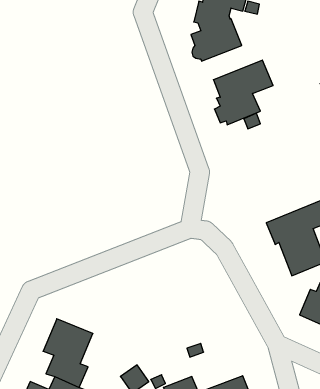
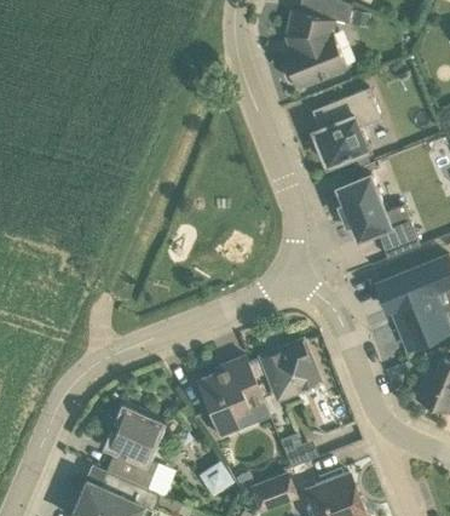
building: none -> [346,180,425,258]
building: none -> [261,343,321,400]
building: none -> [196,357,262,424]

